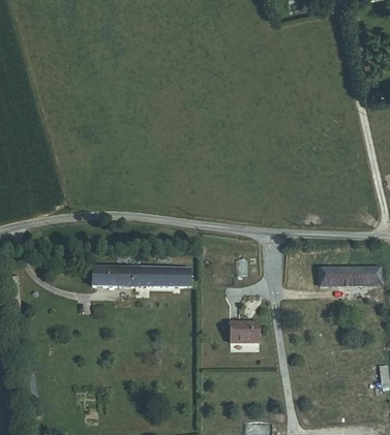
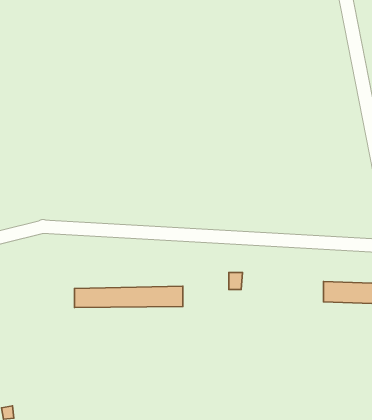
building: [236,320,265,339] -> none

